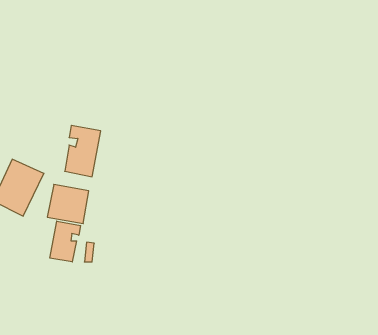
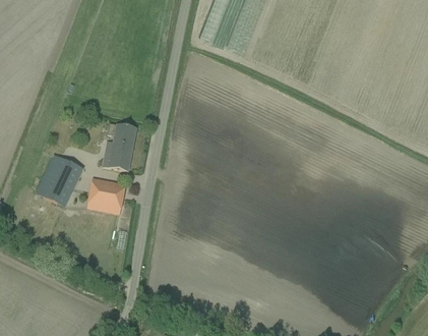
building: [50,221,81,262] -> none

